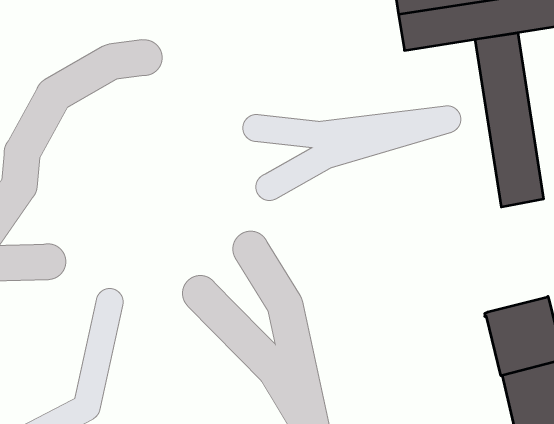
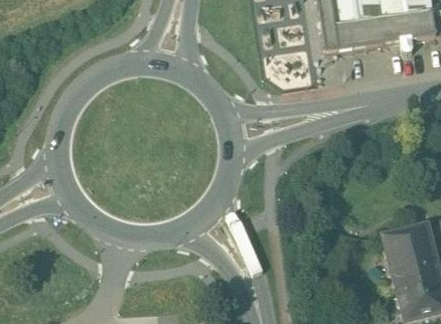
building: [475,33,543,207] -> none

